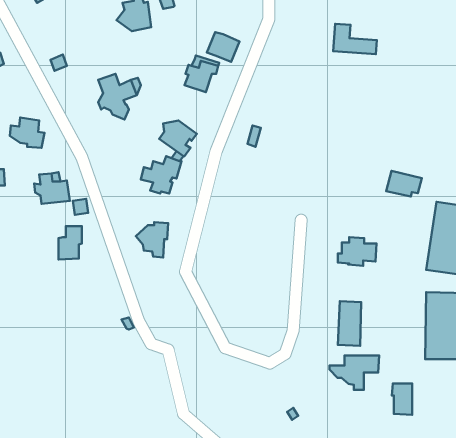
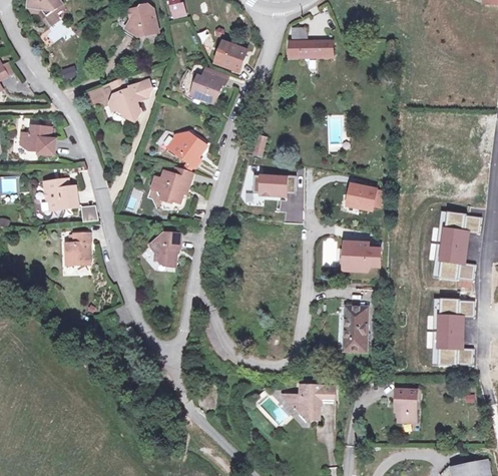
building: [333,24,377,54] -> [290,26,333,56]
building: none -> [256,174,299,196]
building: [386,171,422,196] -> [350,185,385,210]
building: [329,355,379,390] -> [287,385,336,419]

